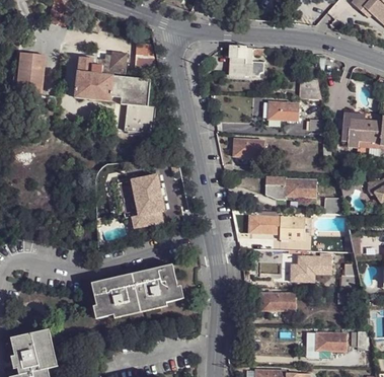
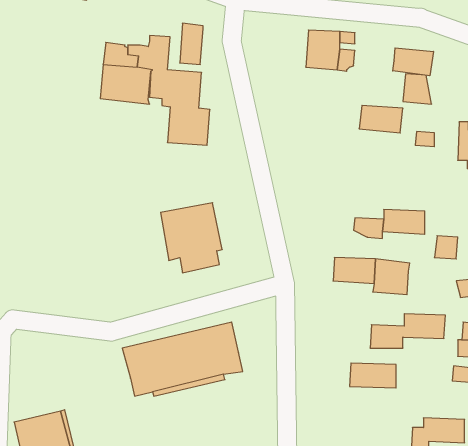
building: [15,50,45,93] -> none
building: none -> [393,48,433,76]
building: [232,139,263,158] -> none

